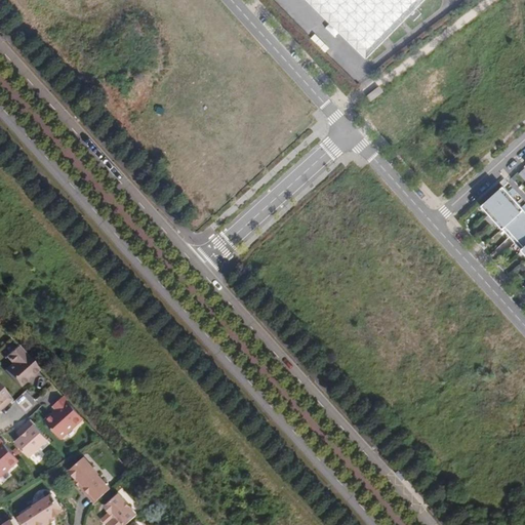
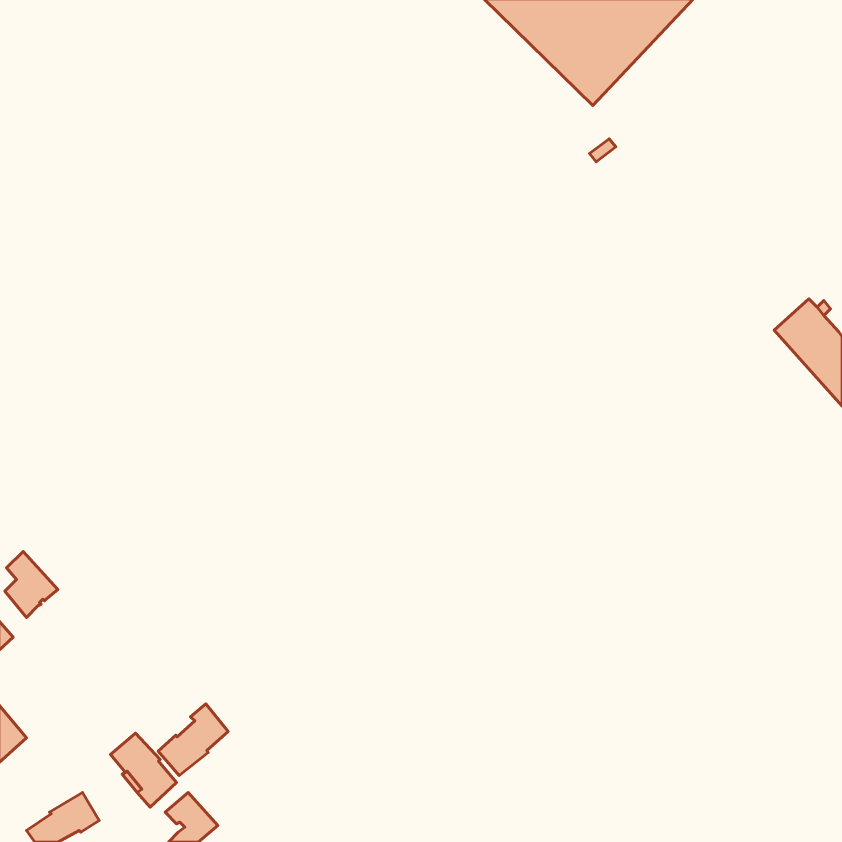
building: [43,394,81,436] -> none
building: [13,418,46,455] -> none
building: none -> [158,704,228,776]

